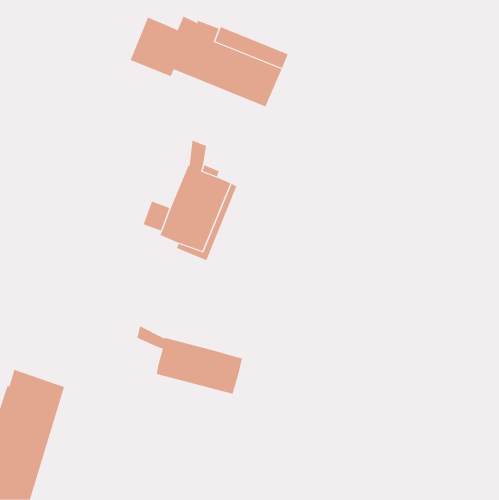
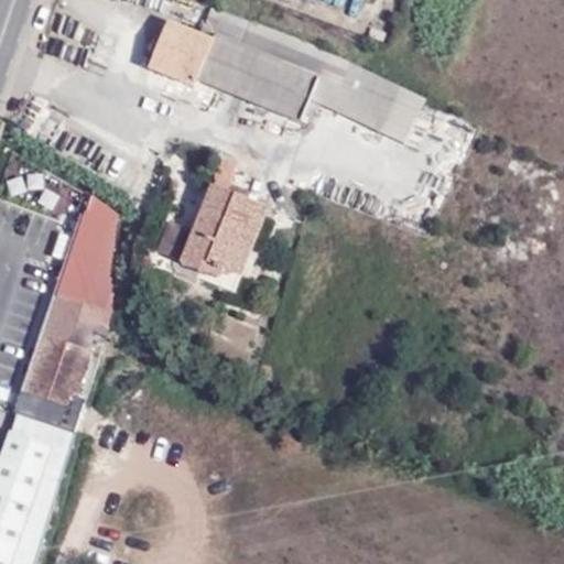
building: none -> [15,196,110,433]
building: [137,325,242,395] -> none

